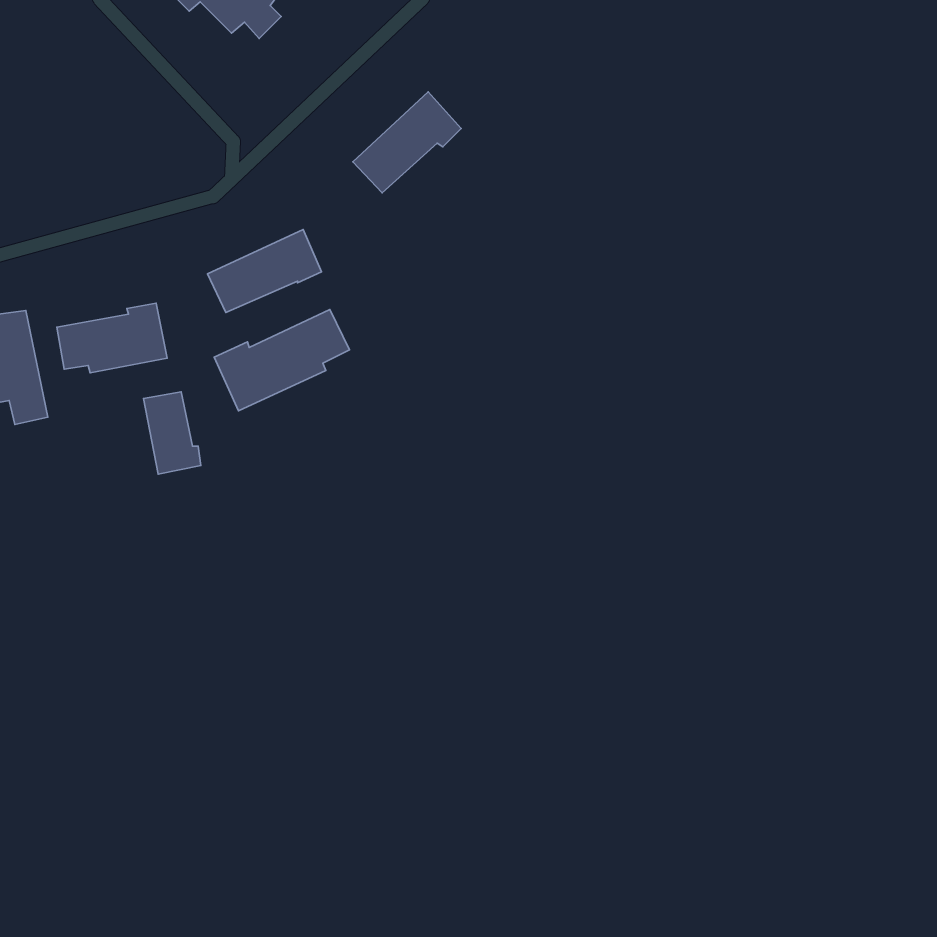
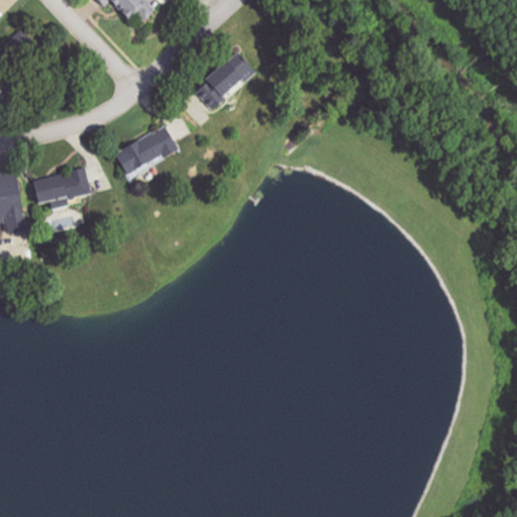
building: [214,309,349,411] -> none
building: [144,392,201,474] -> none

